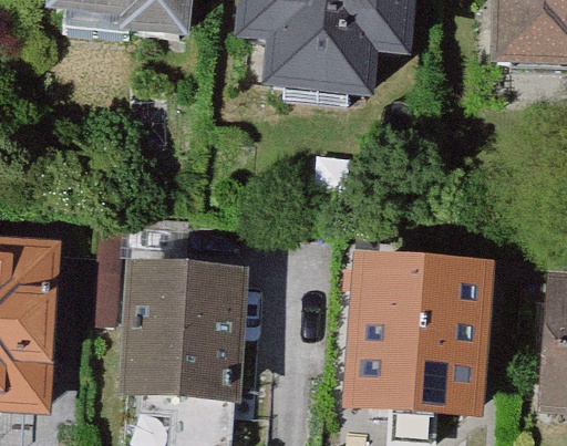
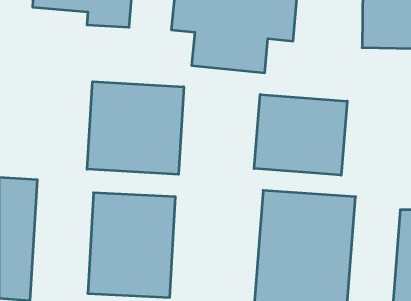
building: none -> [87,82,184,174]
building: none -> [254,94,347,175]

